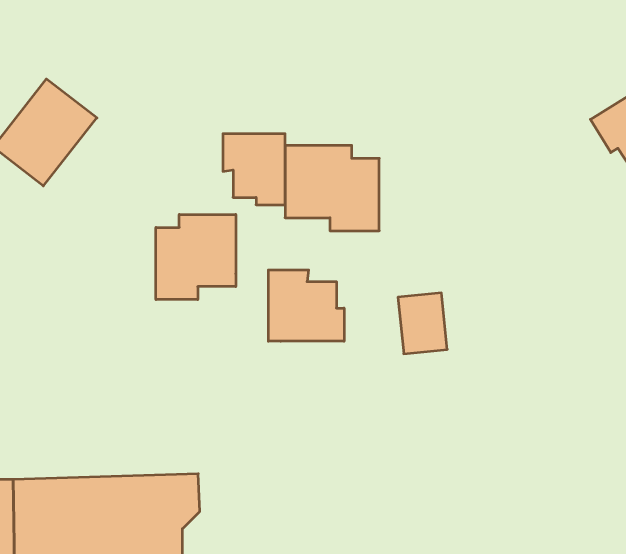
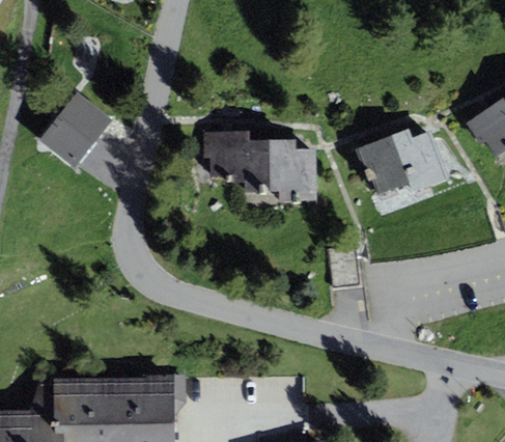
building: none -> [356,129,449,194]
building: [156,214,236,300] -> none
building: [268,270,344,341] -> none

